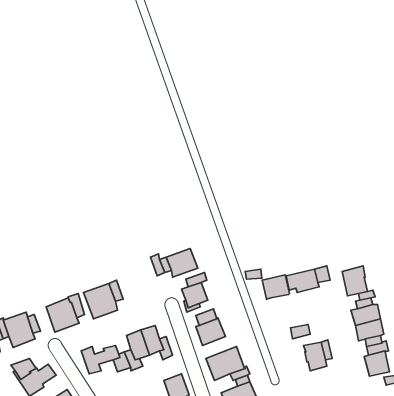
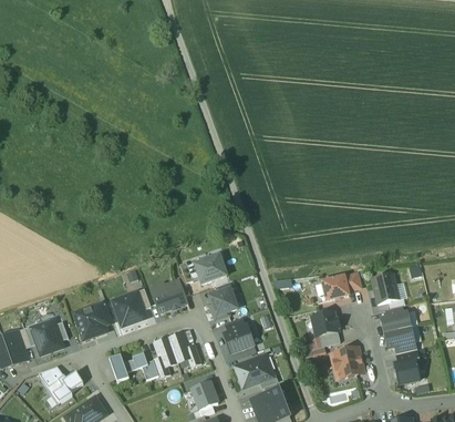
building: none -> [152,278,186,310]
building: [262,275,290,299] -> [311,311,339,336]

